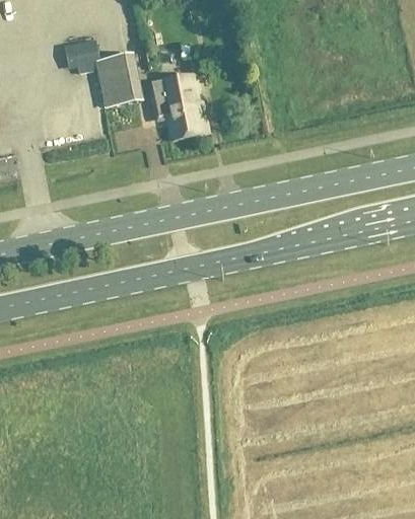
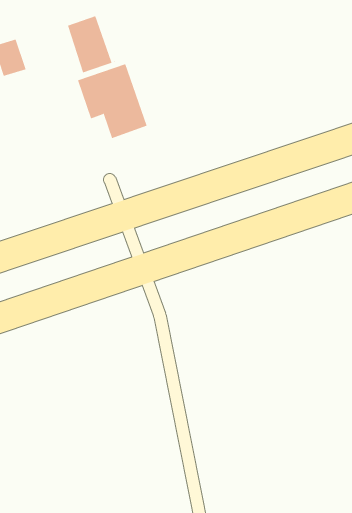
building: [98,53,140,104] -> [67,16,116,73]

